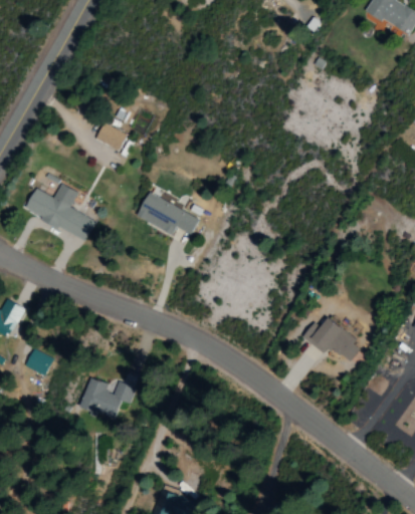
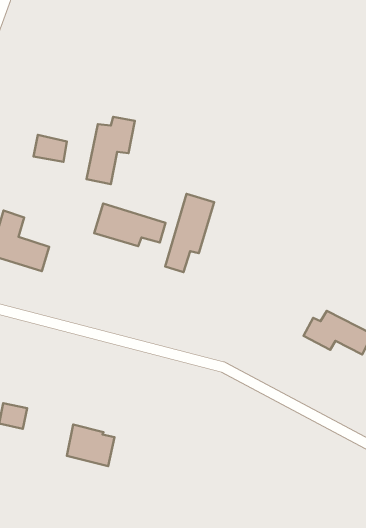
building: none -> [87,117,135,184]
building: none -> [165,194,214,272]

